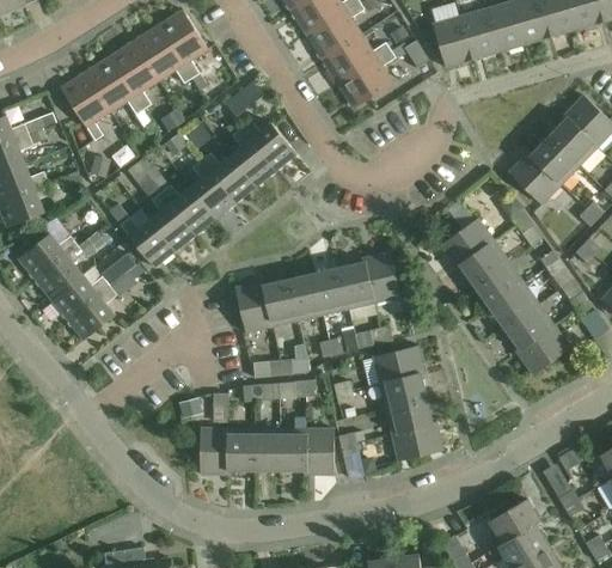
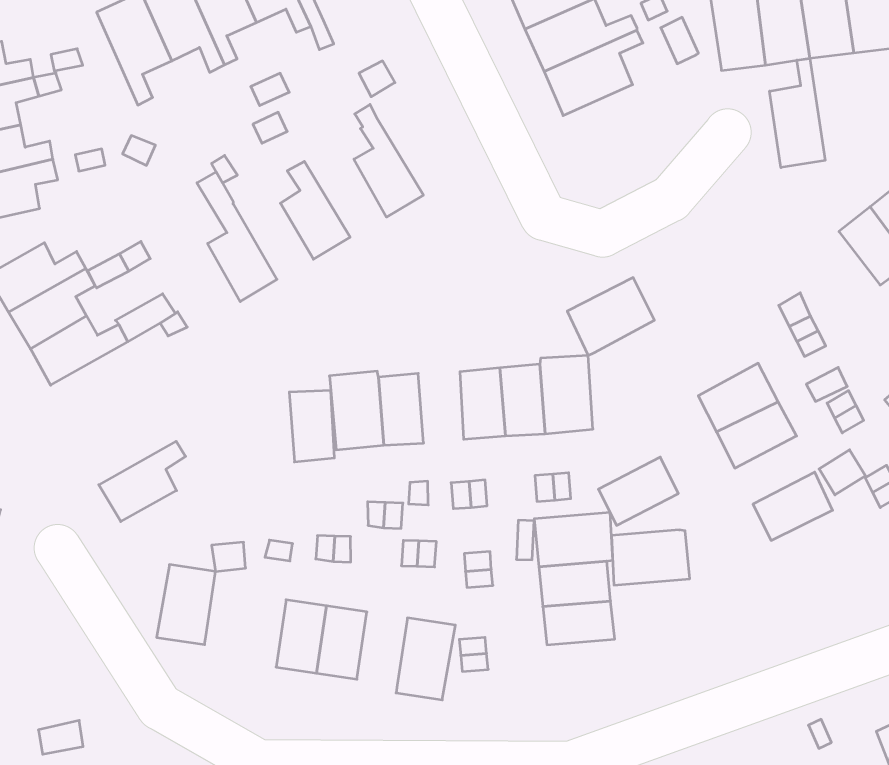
building: none -> [770,58,825,168]
building: [240,120,295,170] -> none
building: [507,151,561,204] -> none
building: [200,152,255,202] -> none
building: [160,184,214,234] -> none
building: [118,216,173,268] -> none
building: [440,218,494,269] -> [567,278,654,356]
building: [288,274,322,320] -> [289,391,334,462]
building: [489,282,538,328] -> [598,457,678,525]
building: [66,286,116,340] -> [99,441,186,522]
building: [514,324,569,374] -> none
building: [391,422,442,462] -> [612,530,690,585]
building: [198,428,228,474] -> [157,565,216,645]
building: [279,428,304,470] -> none

